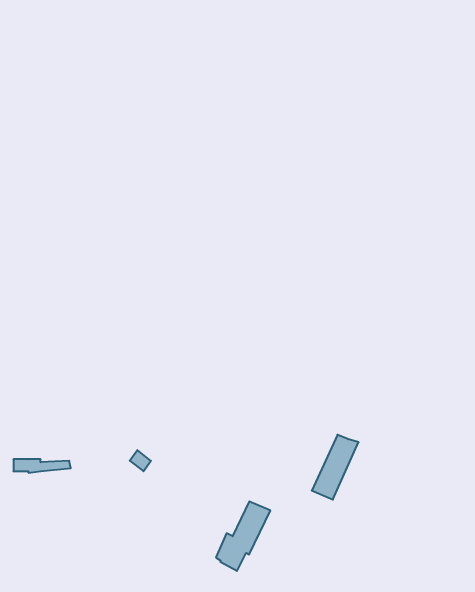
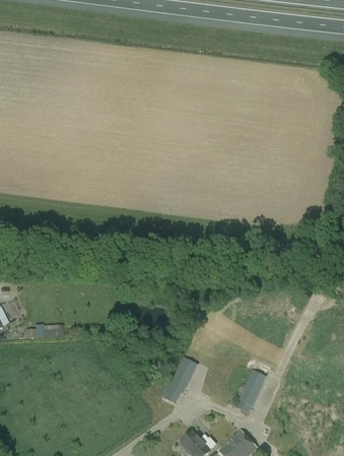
building: [312,435,359,500] -> [235,369,267,412]

